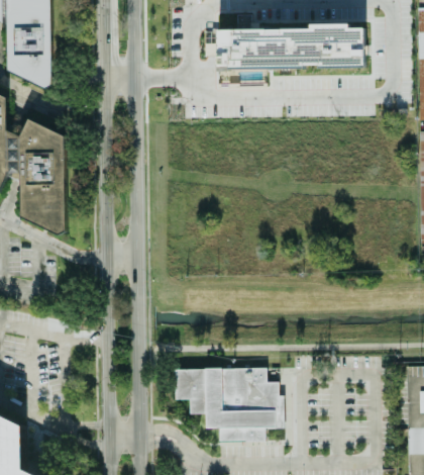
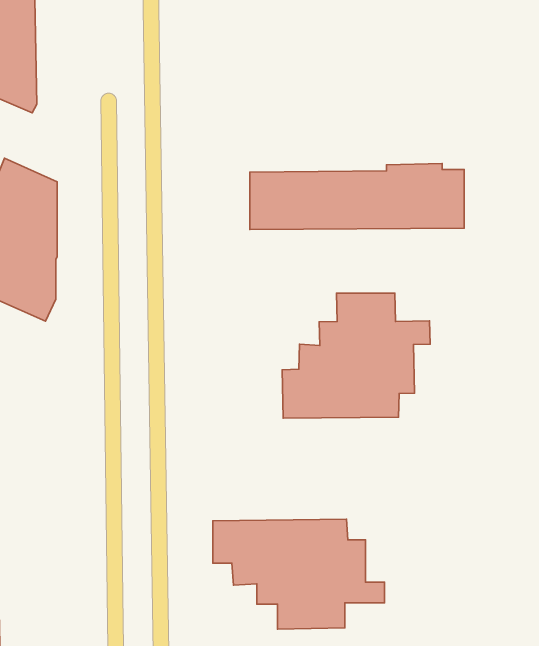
building: [216,23,363,69] -> [250,163,464,230]
building: none -> [282,293,430,418]

